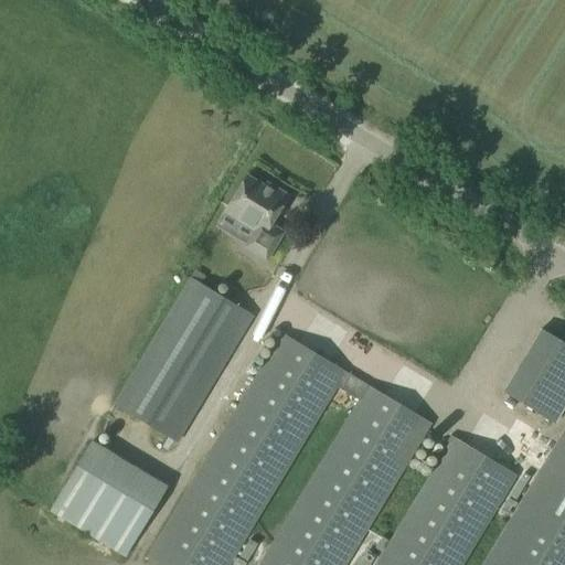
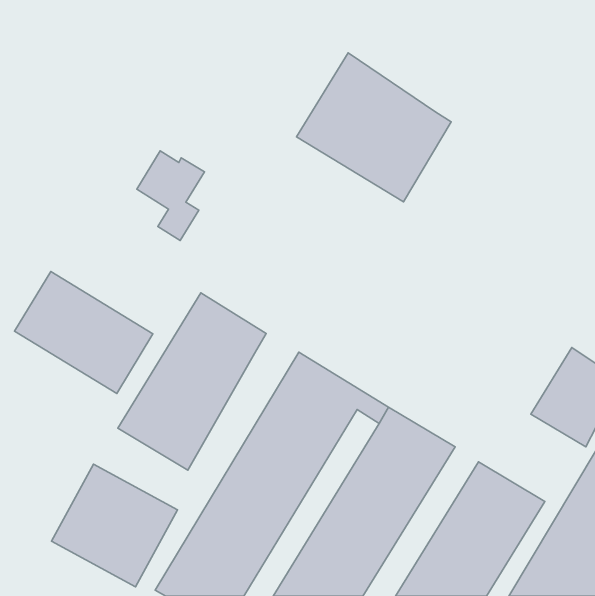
building: none -> [297,53,451,202]
building: [225,175,289,260] -> [137,151,205,241]
building: none -> [15,271,153,394]

